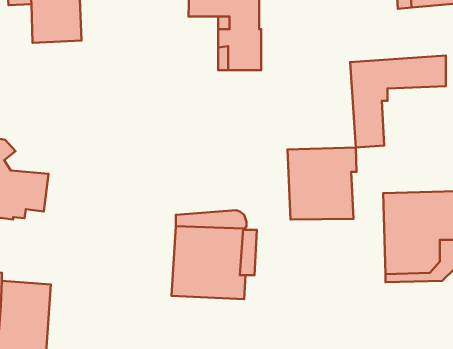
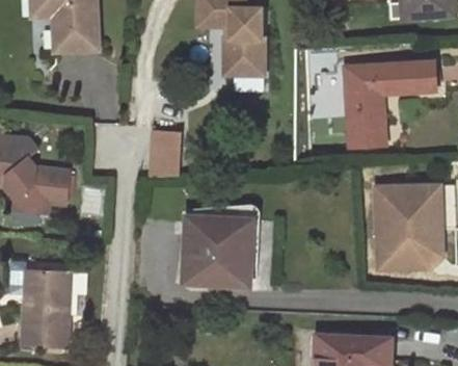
building: none -> [150,133,177,179]
building: [287,148,356,220] -> none

